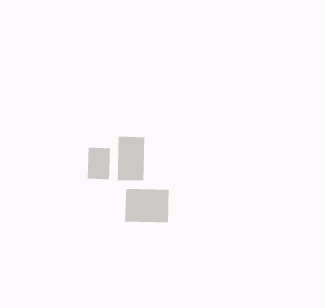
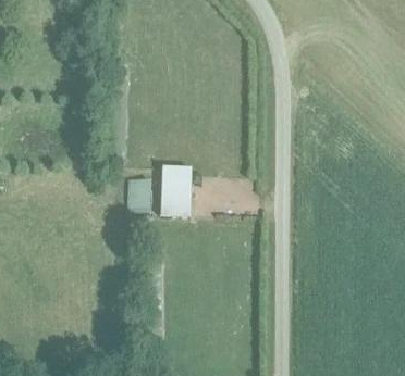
building: [124,188,169,223] -> none

